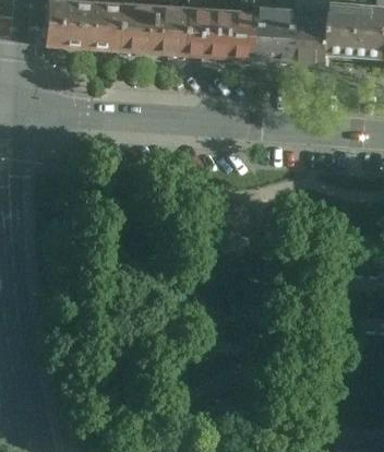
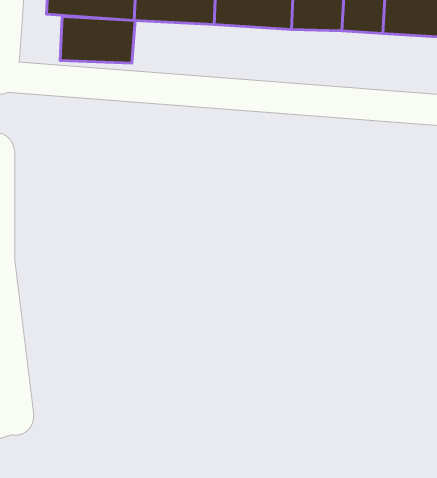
building: none -> [60,17,135,63]

